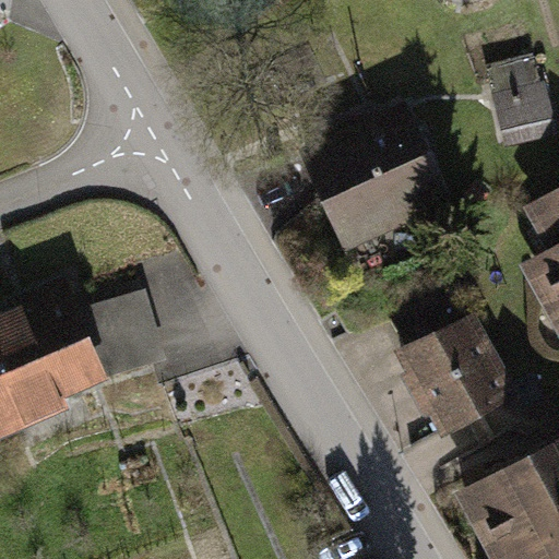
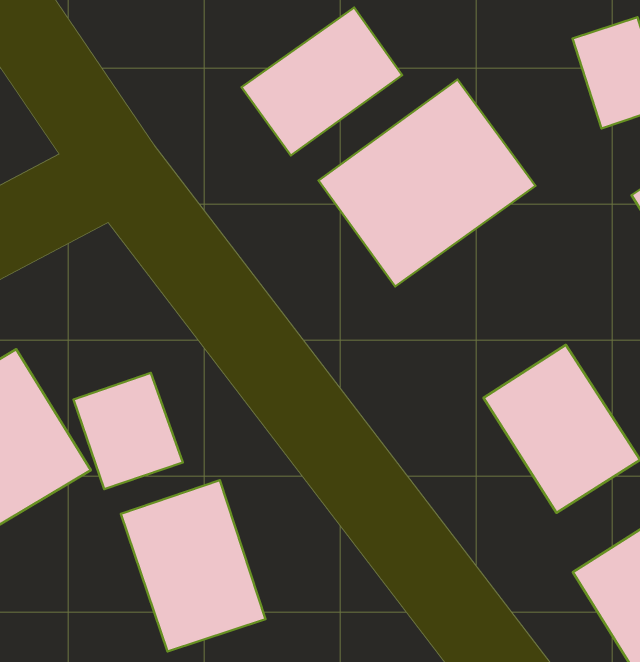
building: none -> [242,7,402,155]
building: none -> [121,480,265,652]

